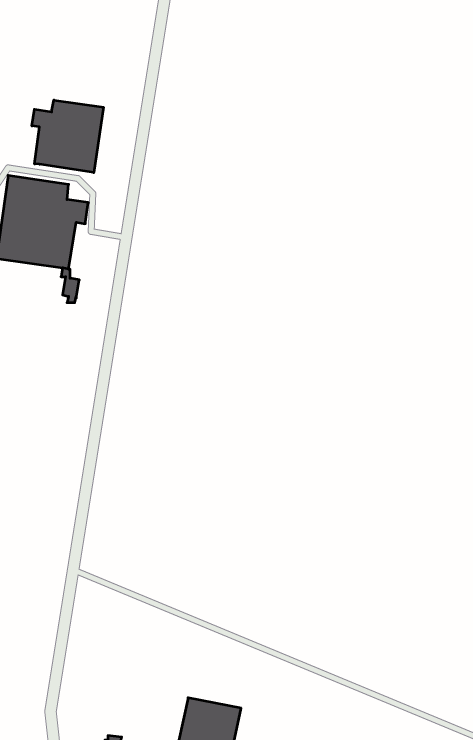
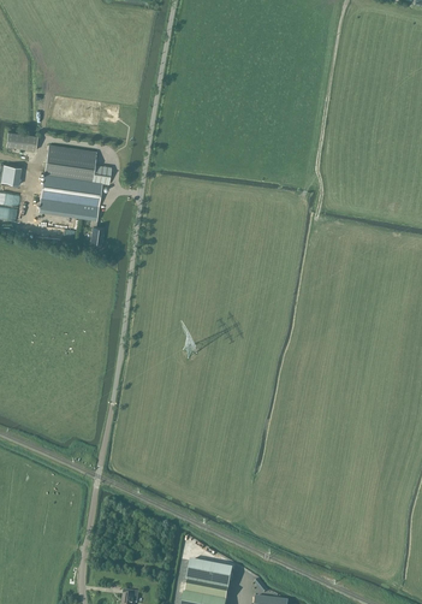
building: [32,100,103,173] -> none

